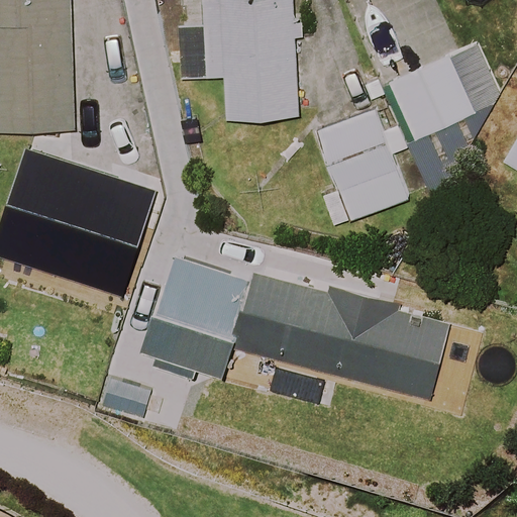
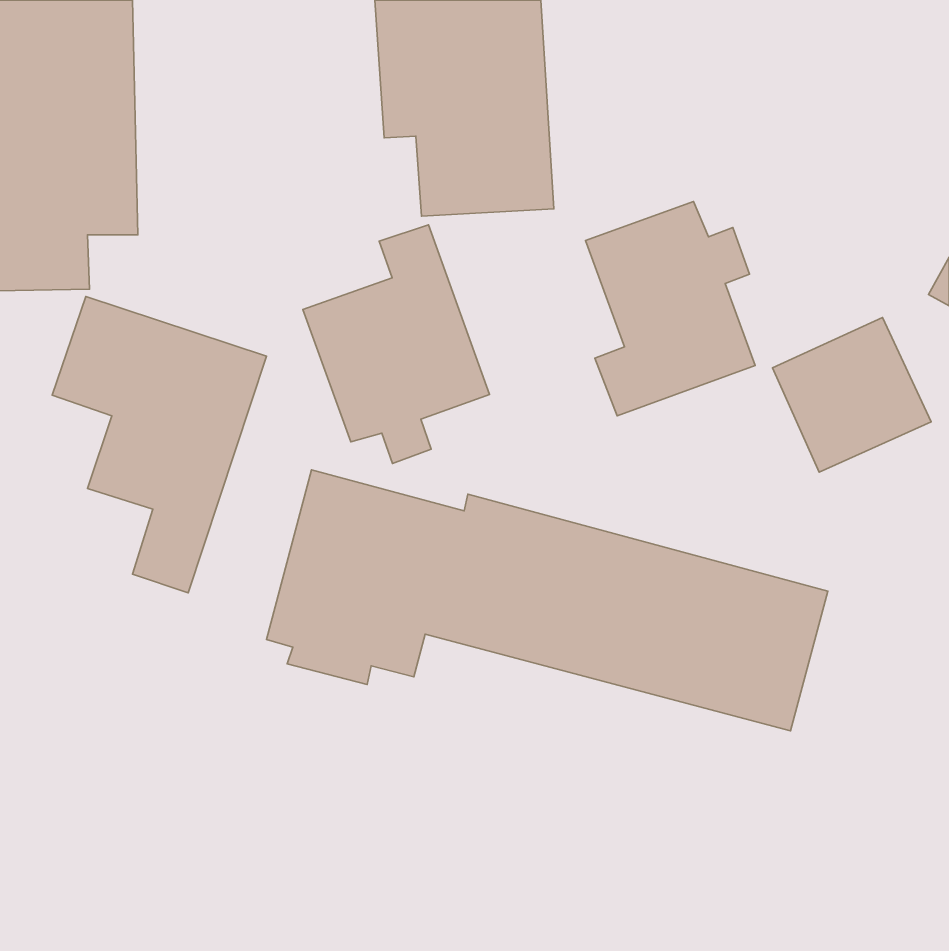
building: [390,56,476,139] -> [773,318,931,472]
building: none -> [303,225,490,463]

